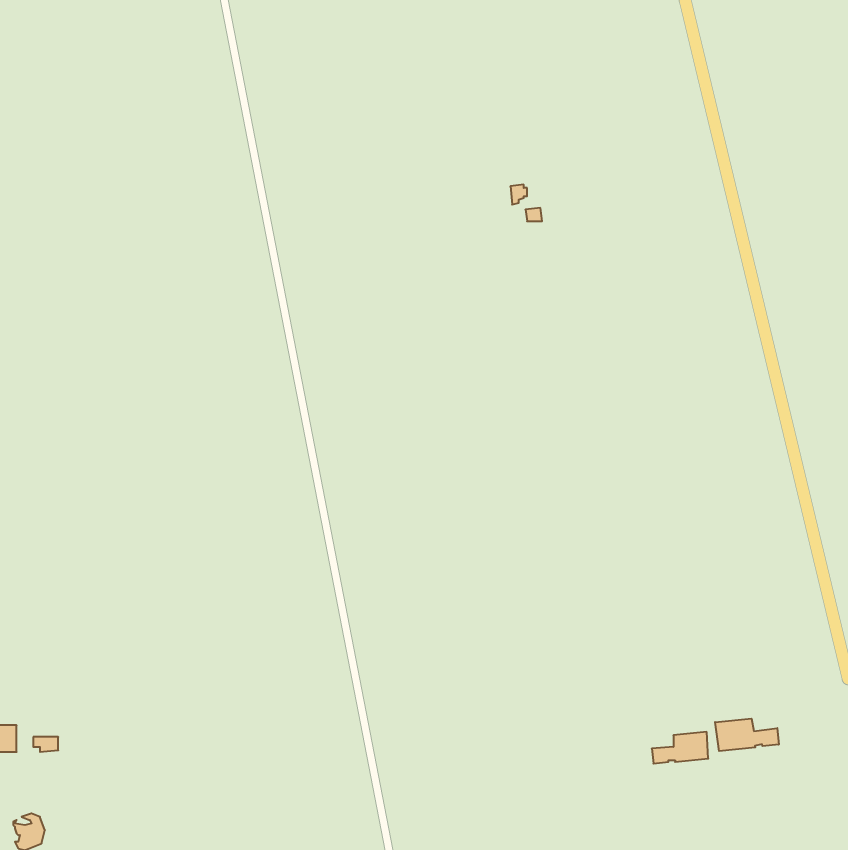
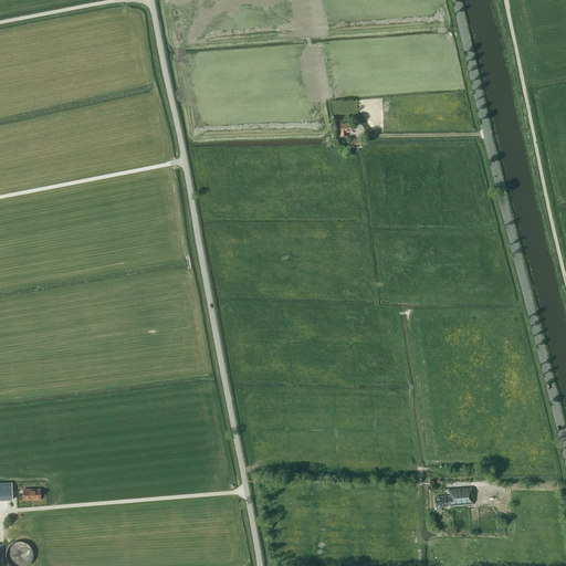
building: [715,719,779,751] -> none

